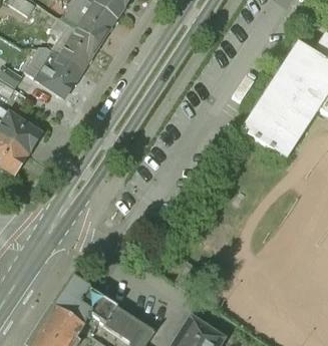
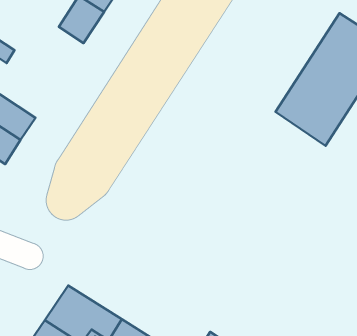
building: [33,51,80,96] -> none

